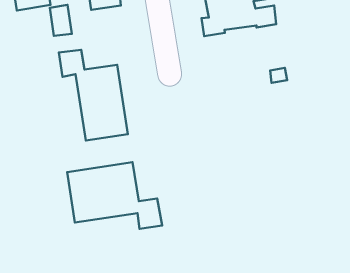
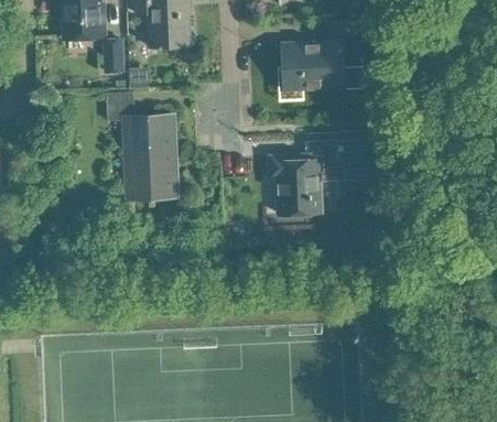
building: none -> [270,141,346,215]
building: [67,162,162,229] -> none

